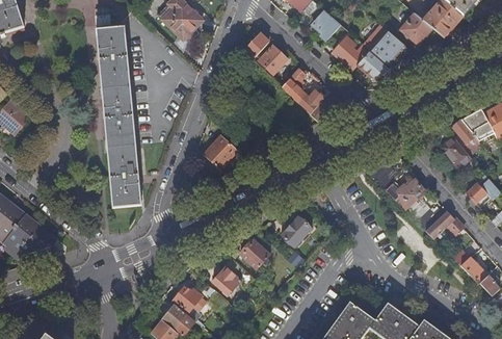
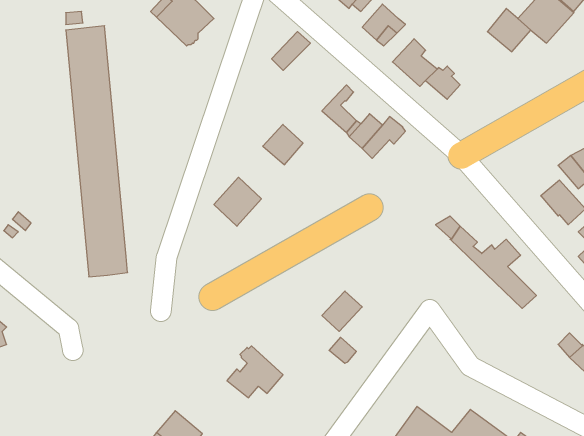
building: [371,30,406,66] -> none
building: [258,45,287,74] -> [263,124,303,165]
building: [425,209,464,237] -> none
building: [240,239,269,268] -> none
building: [173,284,202,311] -> none

